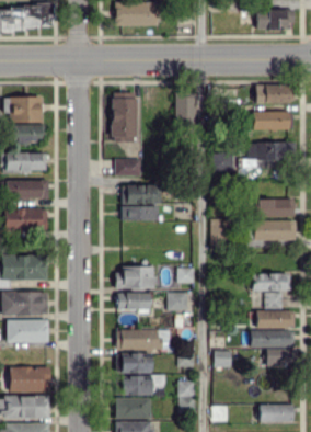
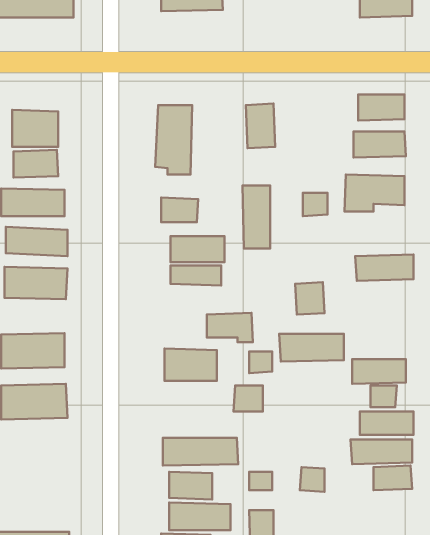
building: none -> [243,186,270,249]
building: [251,220,297,240] -> [279,334,344,362]
building: [118,292,151,312] -> [207,313,253,342]
building: [8,320,48,342] -> none
building: [11,365,50,390] -> none

